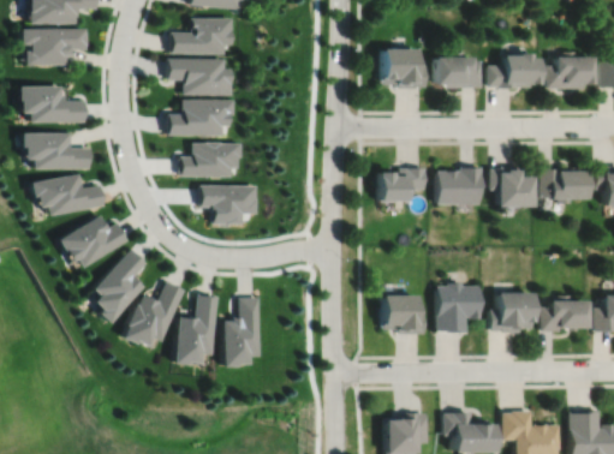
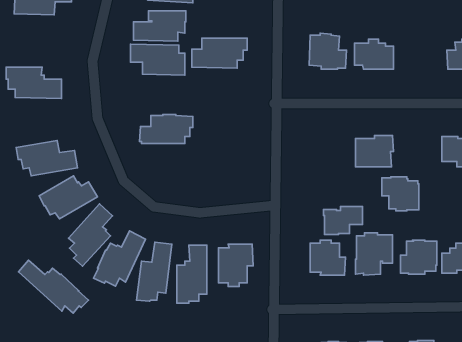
building: [22,28,88,64] -> none
building: [489,52,542,89] -> none
building: [169,100,236,136] -> [192,38,247,68]
building: [22,132,91,168] -> none
building: [490,167,535,208] -> [382,177,419,211]
building: [378,168,425,202] -> [324,207,363,235]
building: [199,186,257,225] -> none
building: none -> [218,244,253,286]
building: none -> [19,260,88,313]

